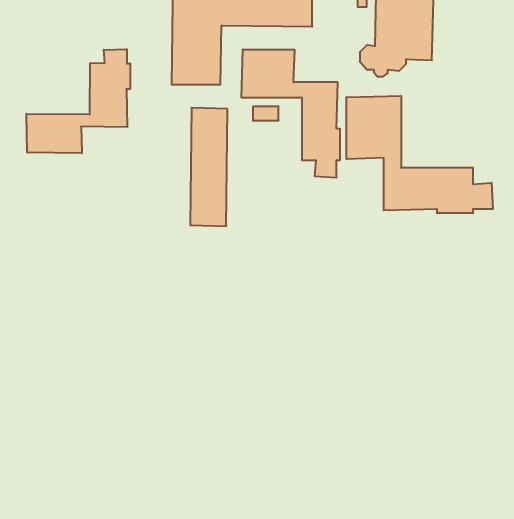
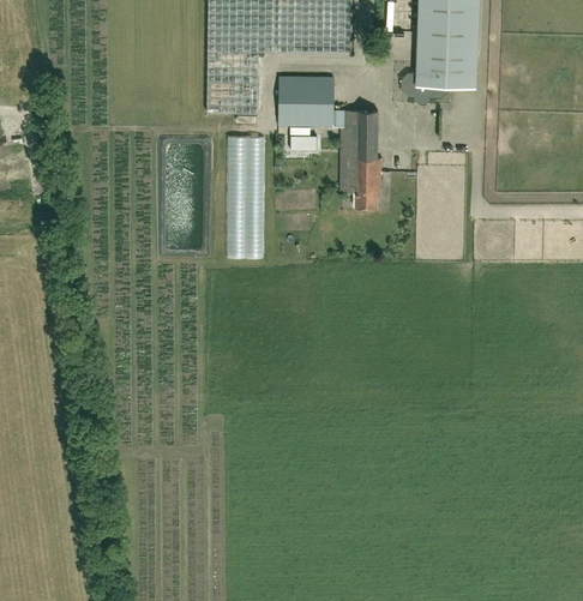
building: [26,49,130,153] -> none
building: [347,96,493,213] -> none

